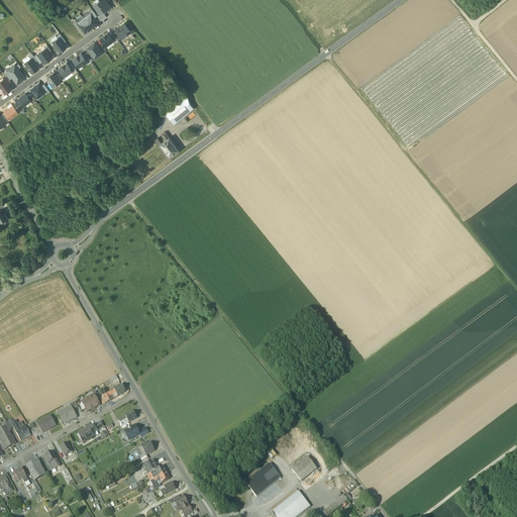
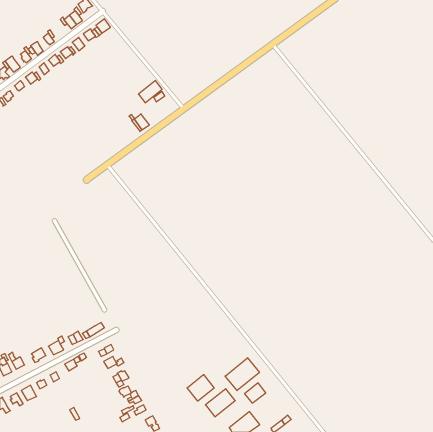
building: none -> [225,358,259,391]
building: none -> [187,375,214,401]

